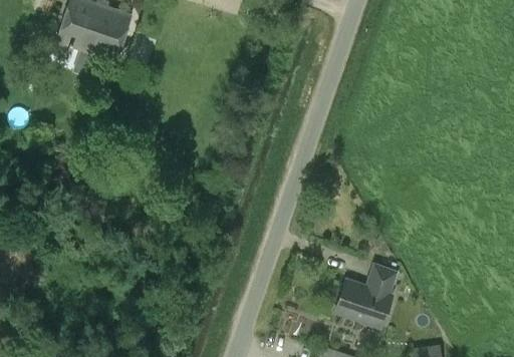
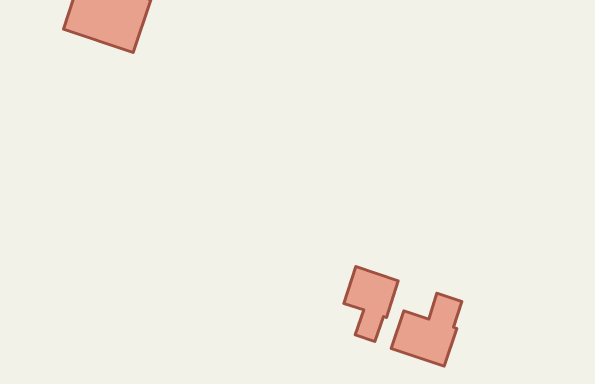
building: none -> [344,267,398,342]

